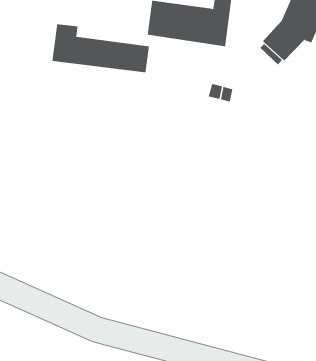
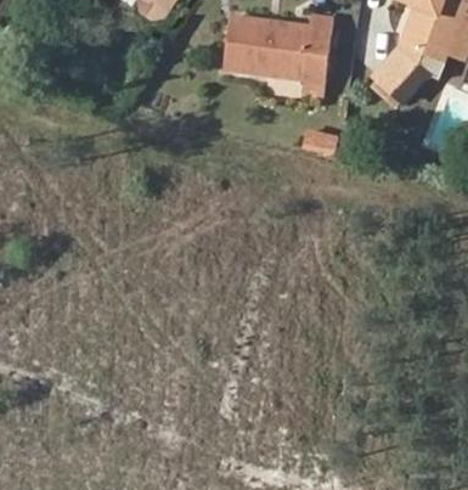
building: [52,23,149,73] -> none

